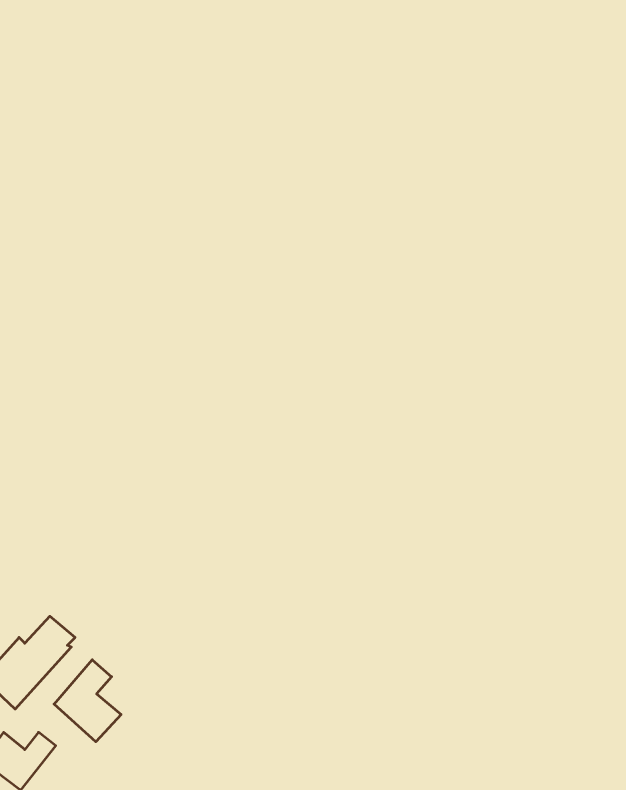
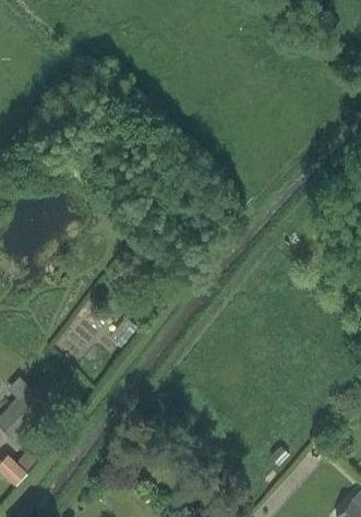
building: [54,660,121,742] -> none

